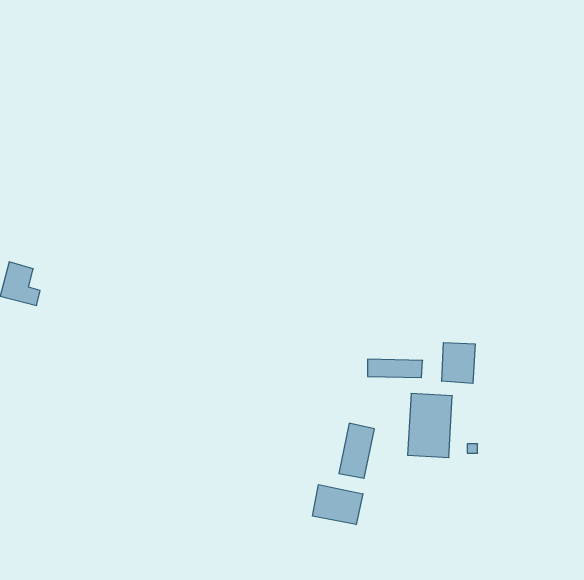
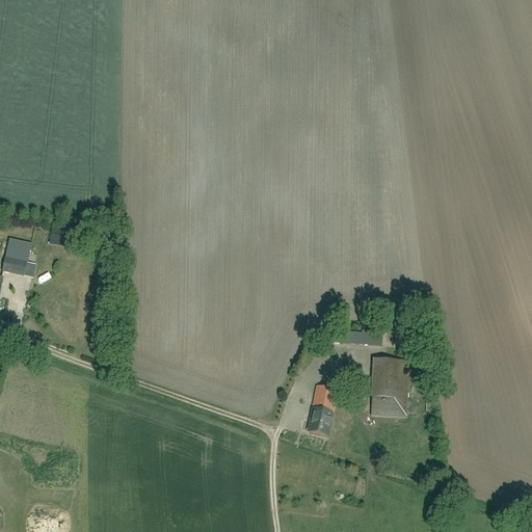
building: [442,343,475,383] -> none
building: [313,485,363,525] -> none

